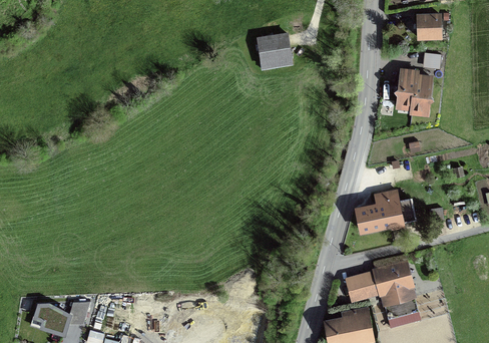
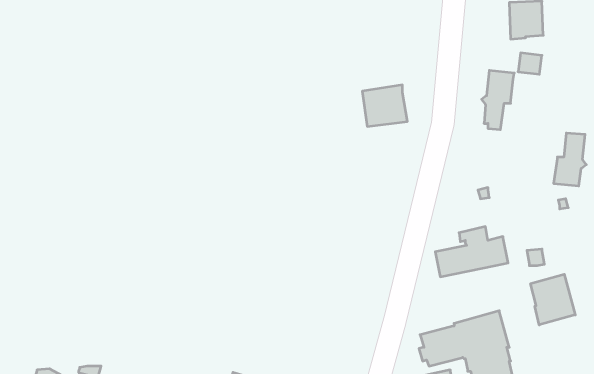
building: [257,36,293,69] -> [362,85,407,126]
building: [408,74,434,116] -> [554,133,586,186]
building: none -> [531,274,575,325]

